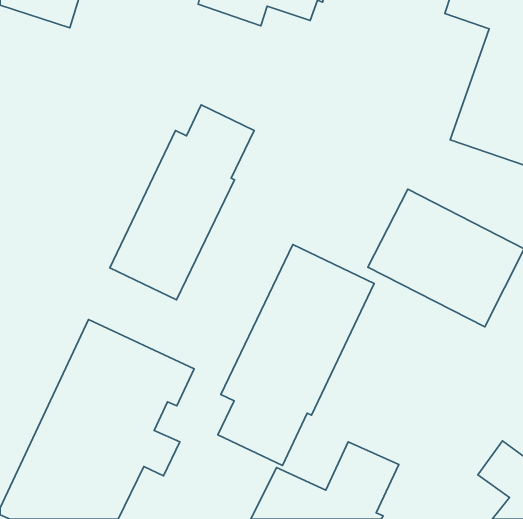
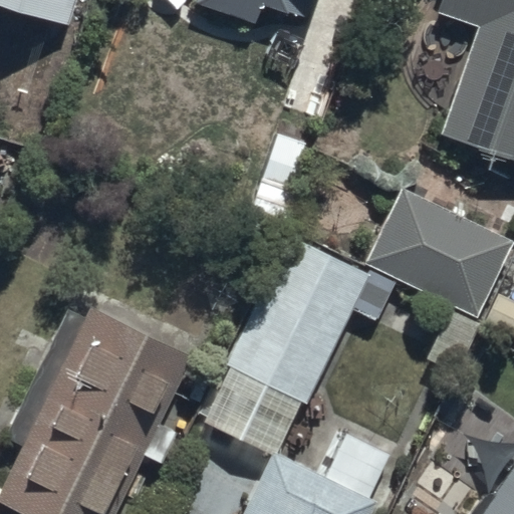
building: [110,105,254,300] -> none

